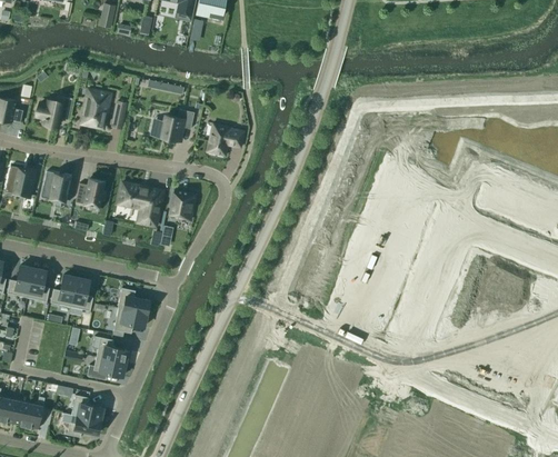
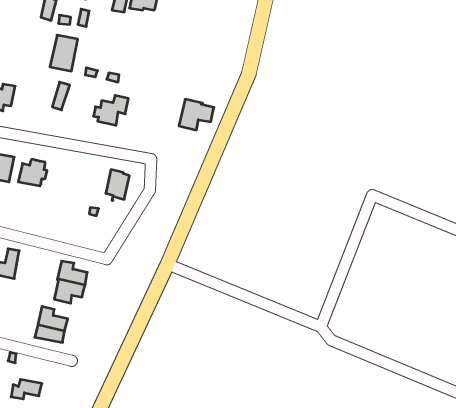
building: [80,89,110,128] -> [50,35,78,71]
building: [206,122,243,156] -> [179,99,214,130]
building: [117,182,162,226] -> none
building: [70,277,92,311] -> none
building: [72,395,102,420] -> none

